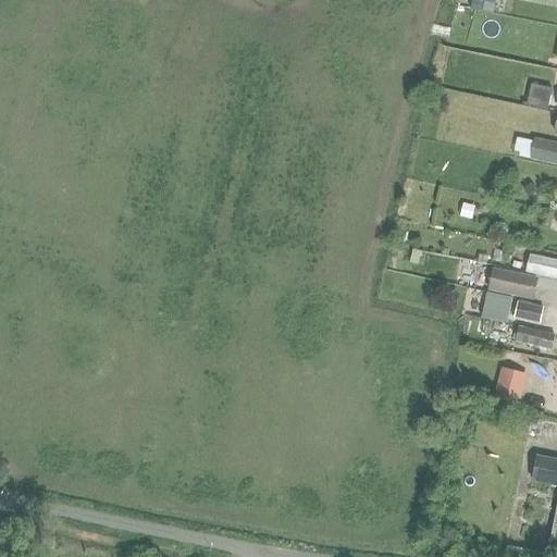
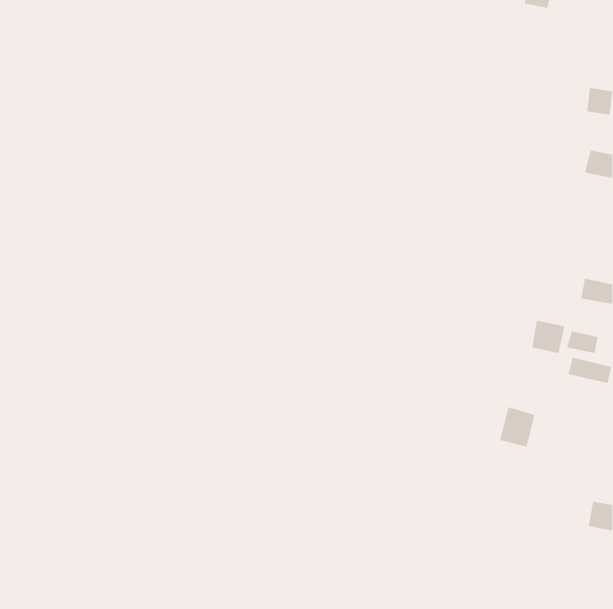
building: [488,265,539,298] -> none
building: [494,366,527,403] -> [499,406,535,447]

